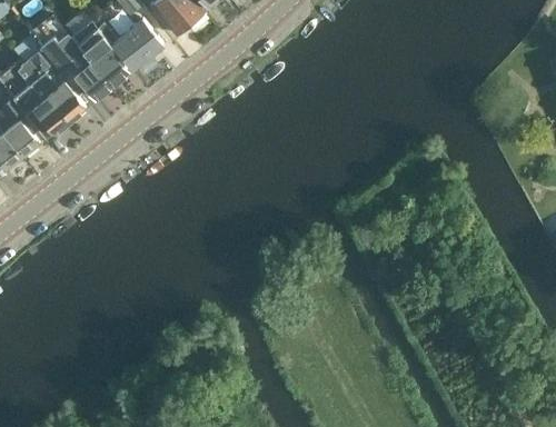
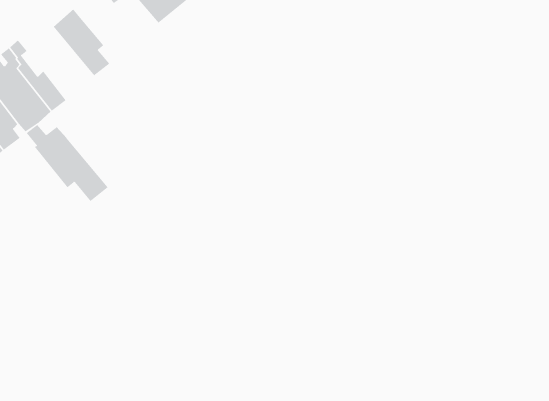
building: [97,19,160,70] -> none
building: [31,26,111,101] -> [26,124,108,202]

